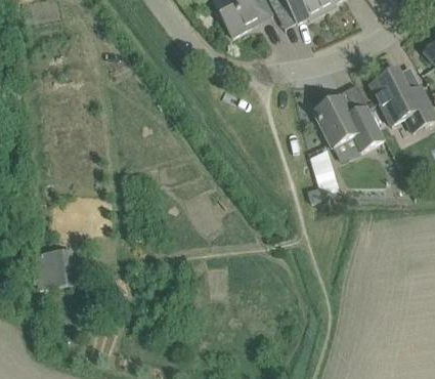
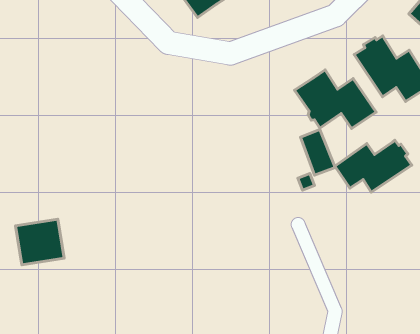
building: none -> [335,140,412,192]
building: [35,249,76,287] -> [16,219,64,265]

